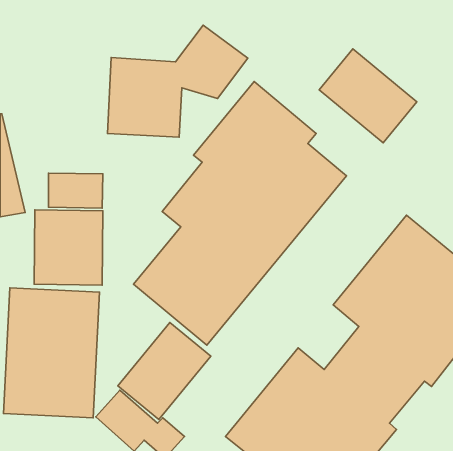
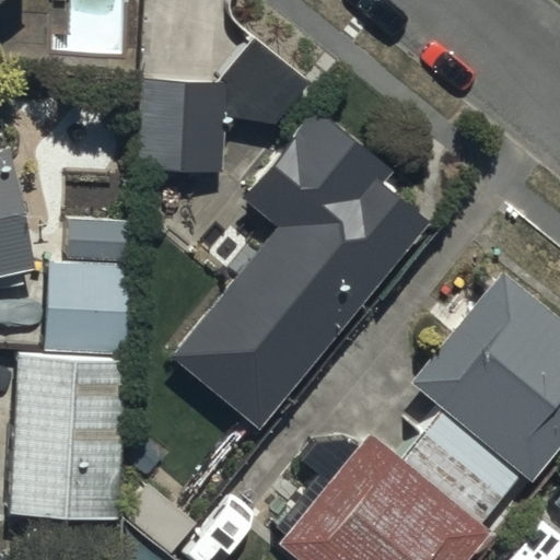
building: [319,49,417,143] -> none
building: [118,323,211,420] -> none

